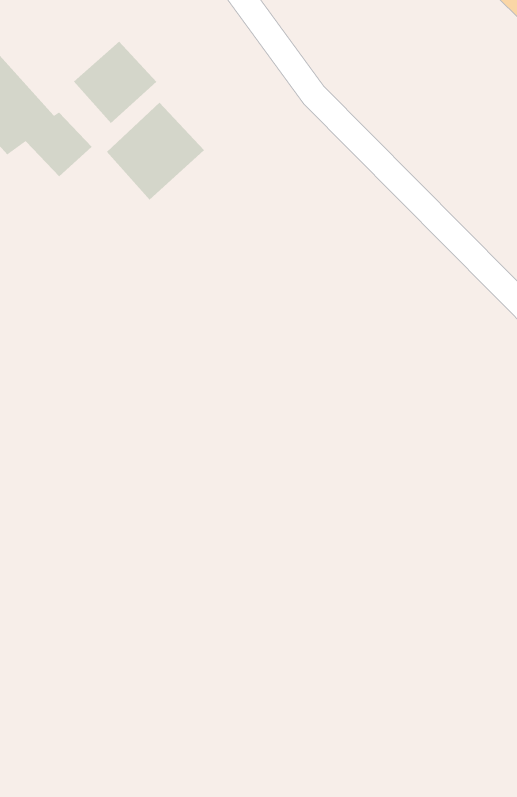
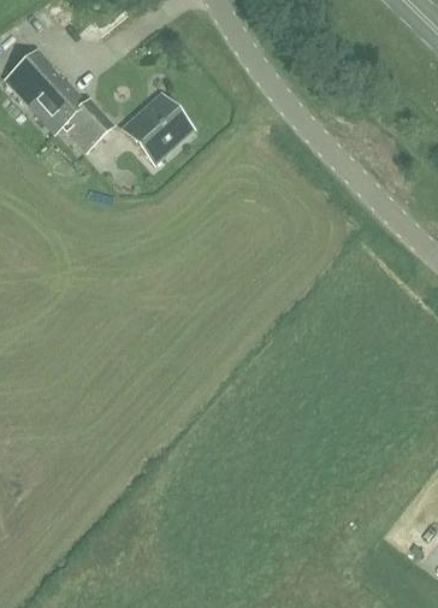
building: [73,41,157,124] -> none

